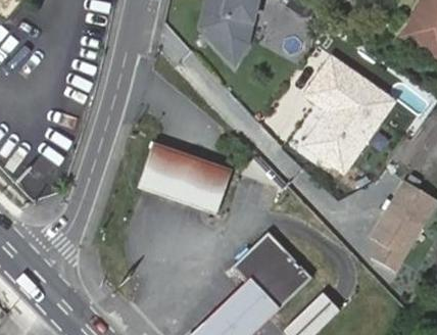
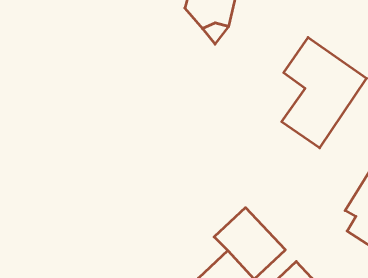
building: [136,146,226,212] -> none

